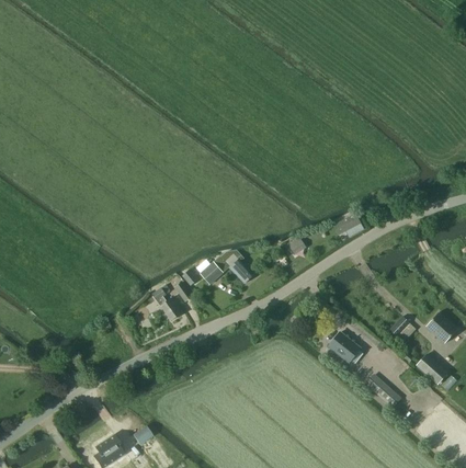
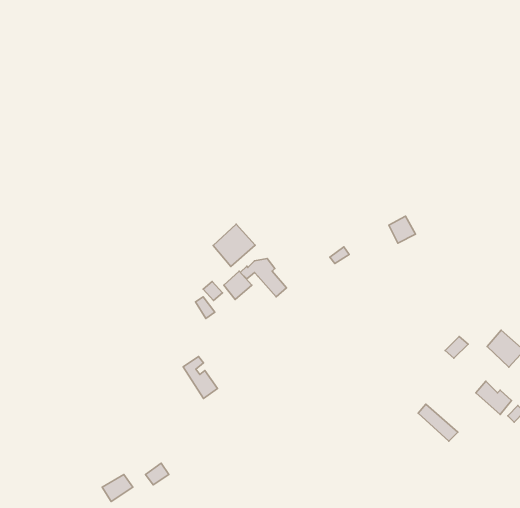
building: none -> [213,224,255,266]
building: [152,285,182,321] -> [183,356,218,399]
building: [328,332,360,362] -> none

